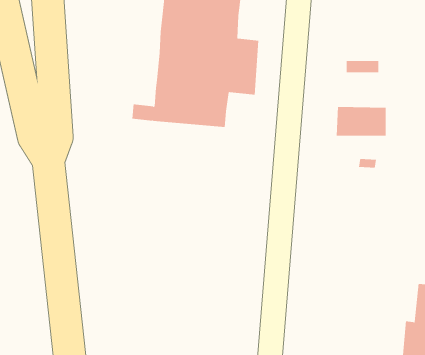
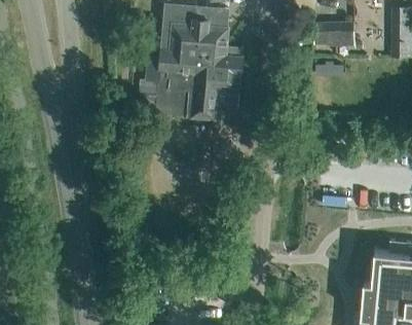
building: [336,106,387,136] -> [315,21,358,45]

